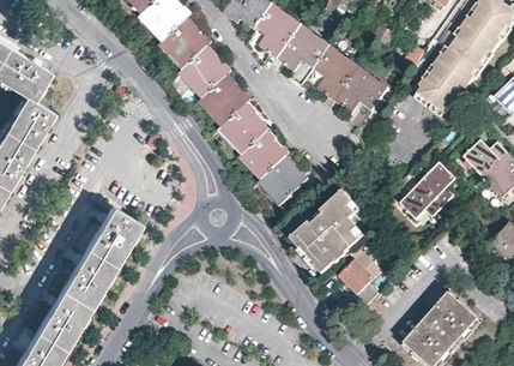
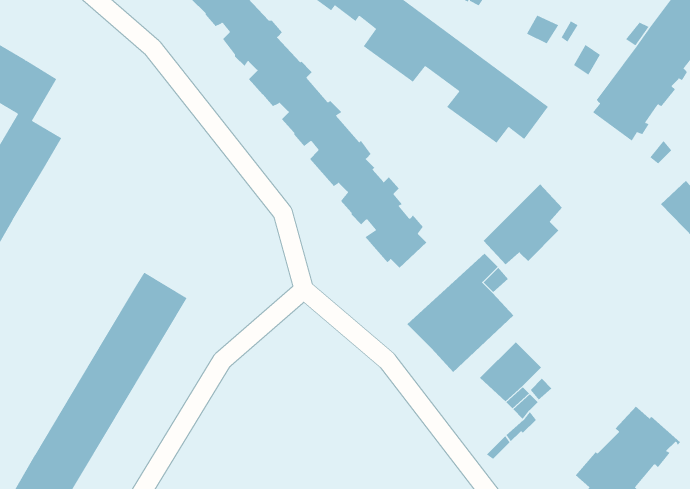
building: [400,162,455,218] -> [483,184,563,265]

